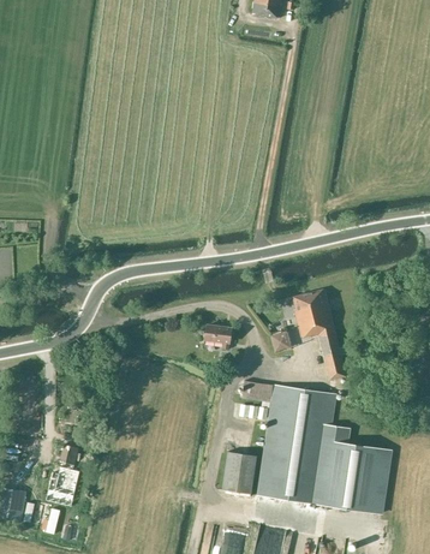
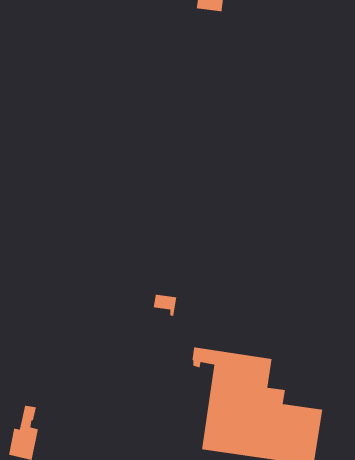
building: [292,290,345,380] -> none
building: [222,452,256,494] -> none

